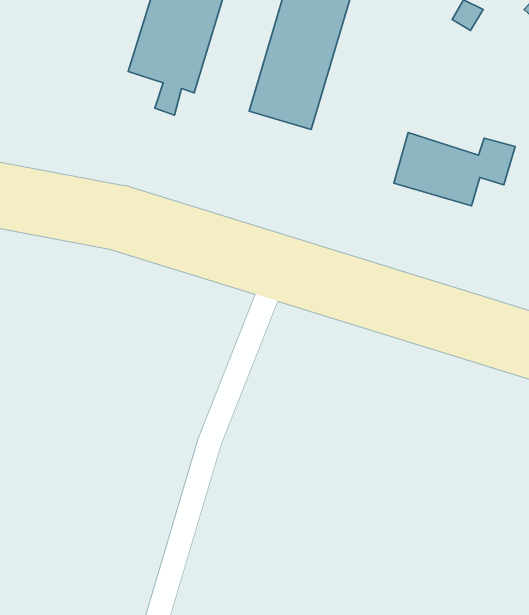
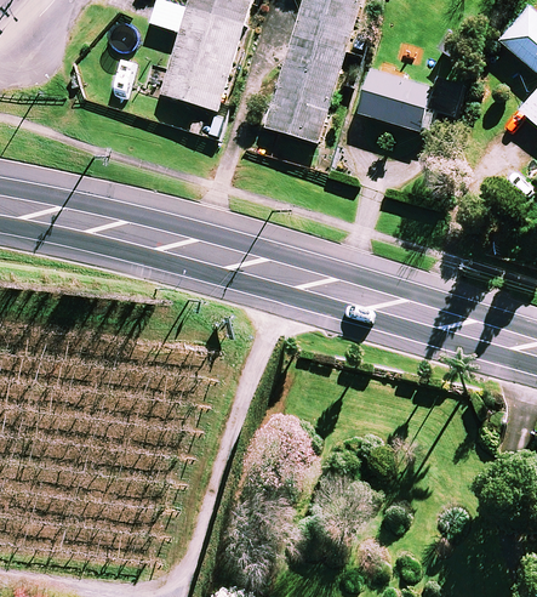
building: [394,133,515,206] -> [360,69,464,132]

